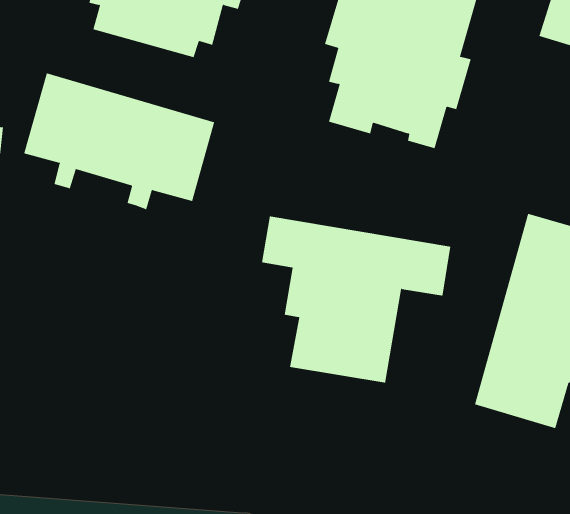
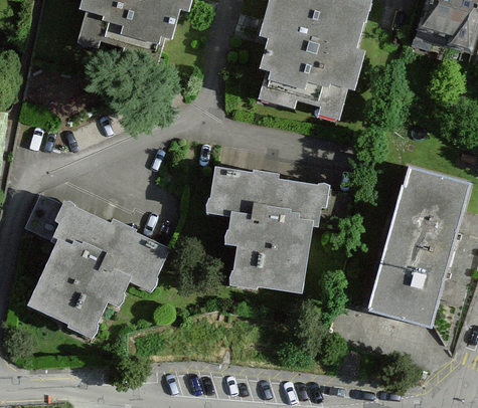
building: [24,73,215,210] -> none
building: none -> [25,194,169,334]

